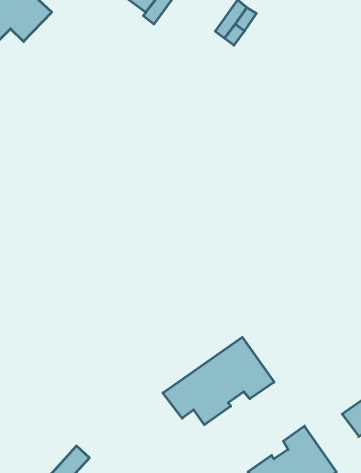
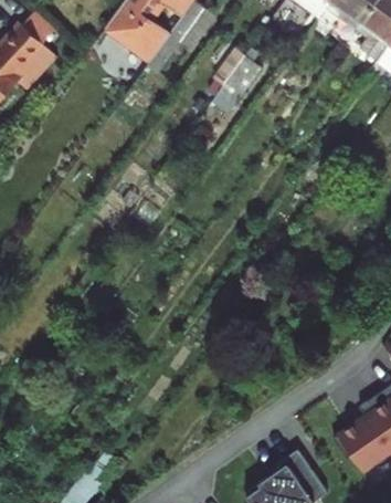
building: [163,337,274,425] -> none

